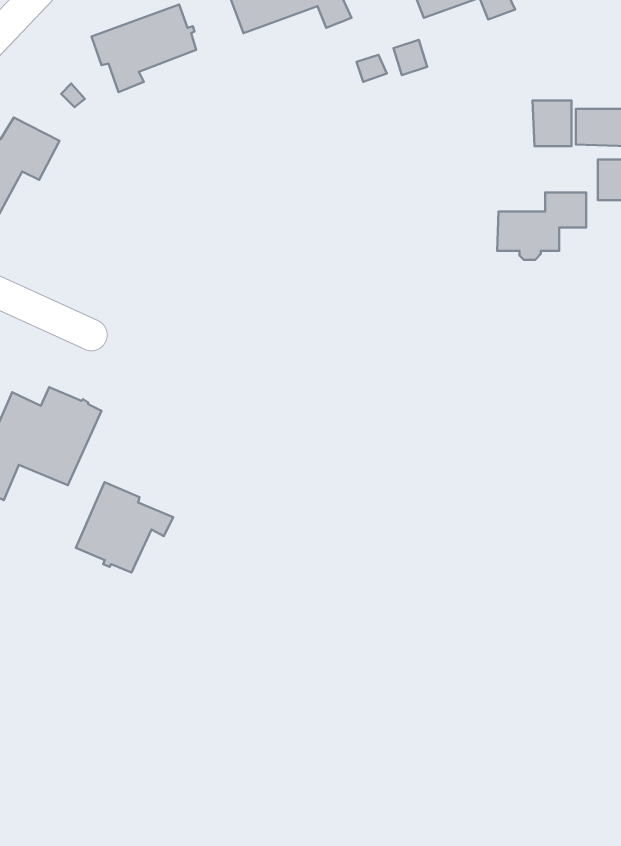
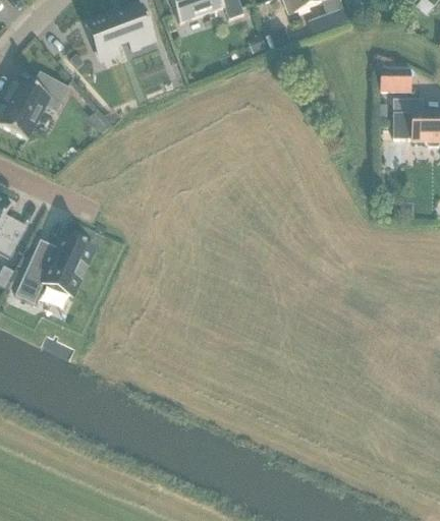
building: [533,101,571,146] -> none
building: [497,193,586,260] -> none
building: [76,482,173,572] -> none

